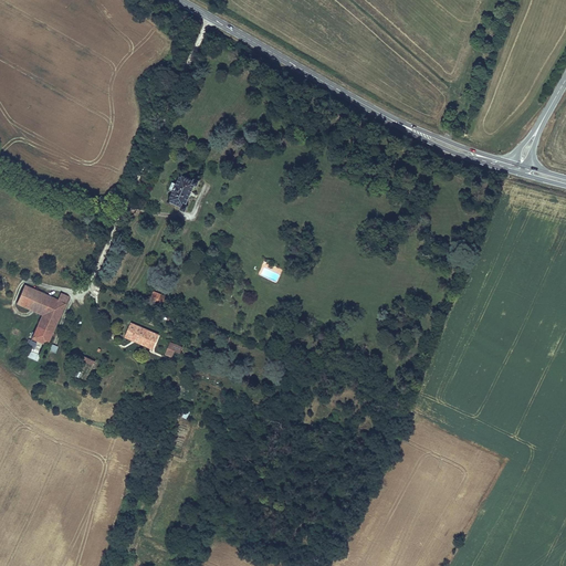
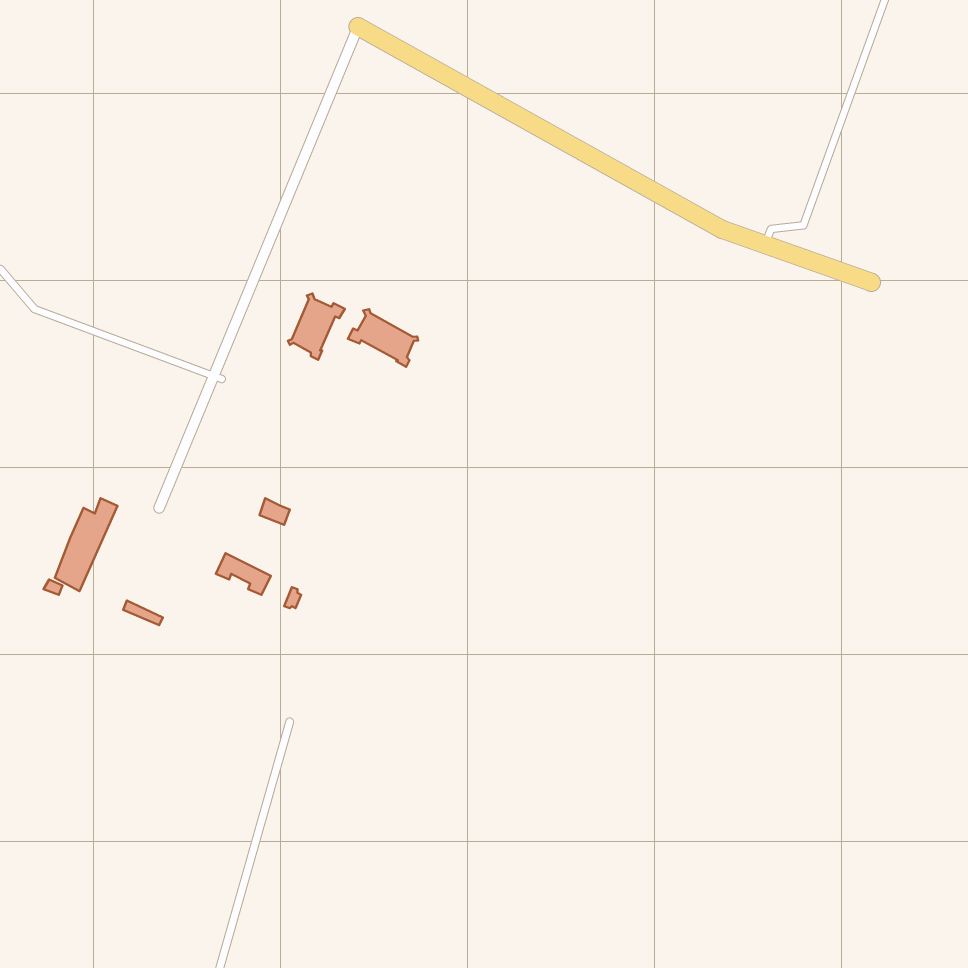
building: none -> [348,309,418,367]
building: [10,282,49,314] -> none

